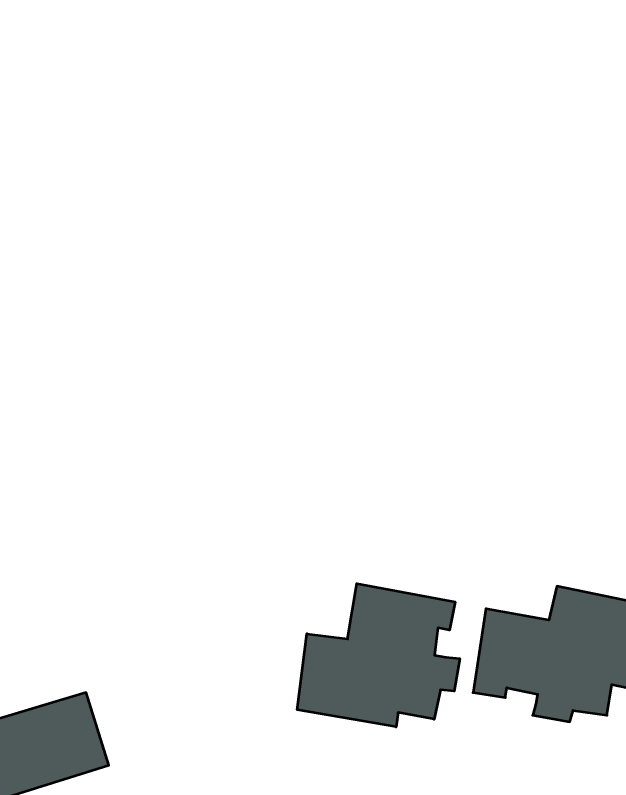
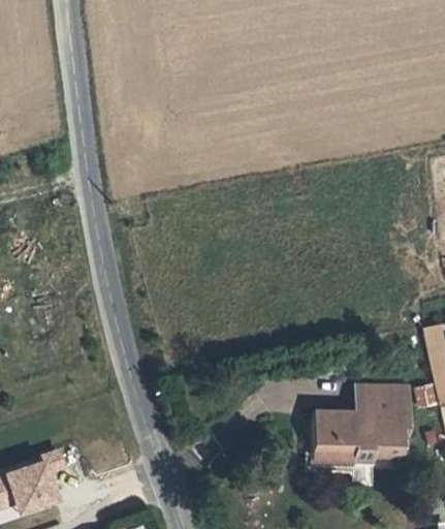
building: [297,584,460,727] -> none

